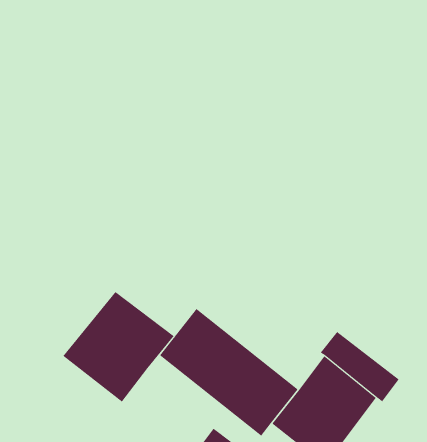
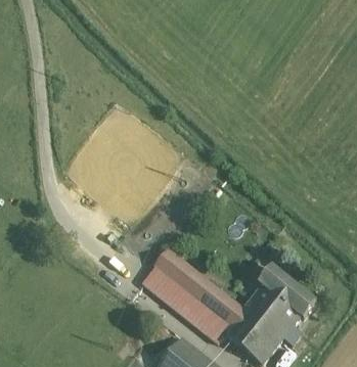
building: [62,291,175,402] -> none

